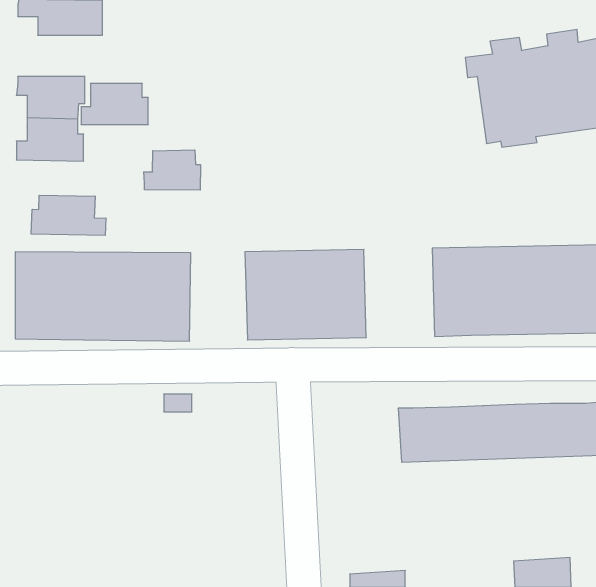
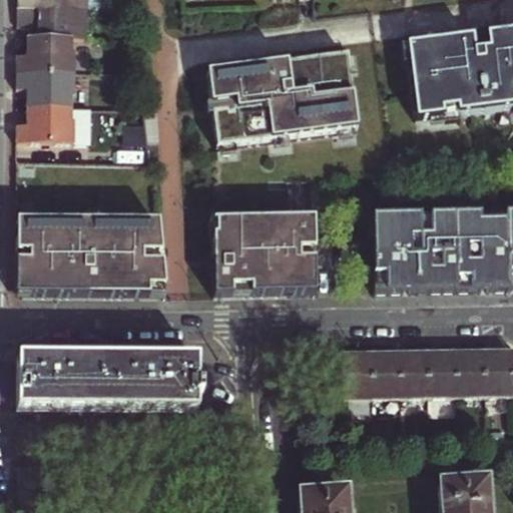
building: none -> [196,50,358,157]
building: [81,83,148,125] -> [20,30,77,65]
building: [144,150,200,190] -> none
building: [31,195,106,235] -> none
building: none -> [20,350,205,404]

